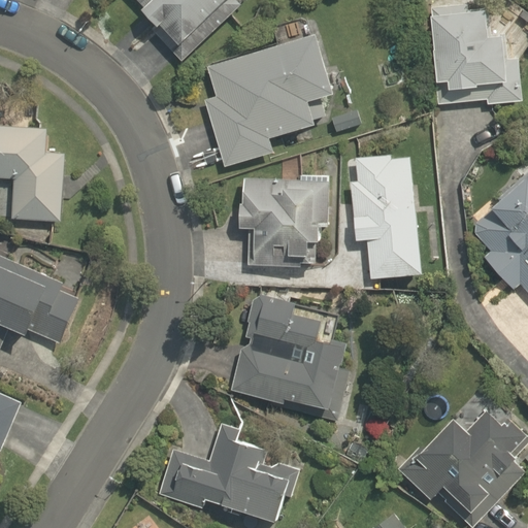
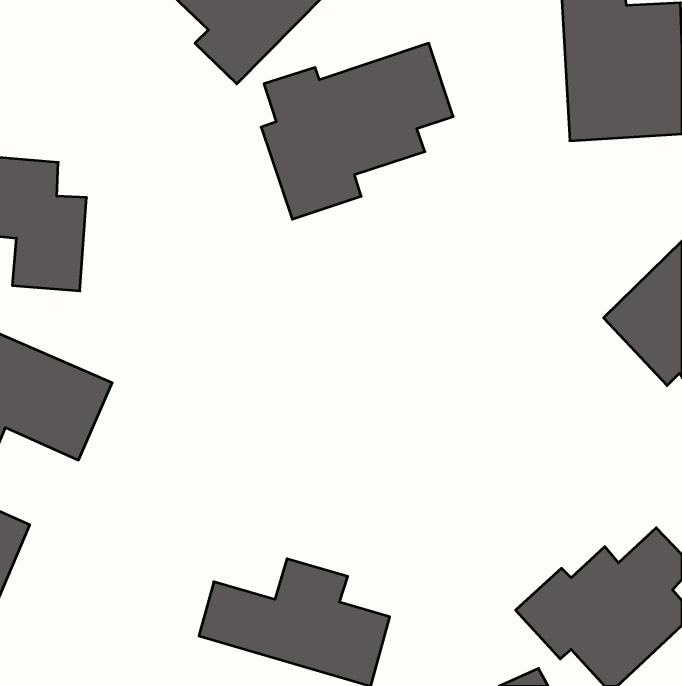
building: [348,150,428,279] -> none
building: [237,176,340,270] -> none
building: [226,290,353,418] -> none

